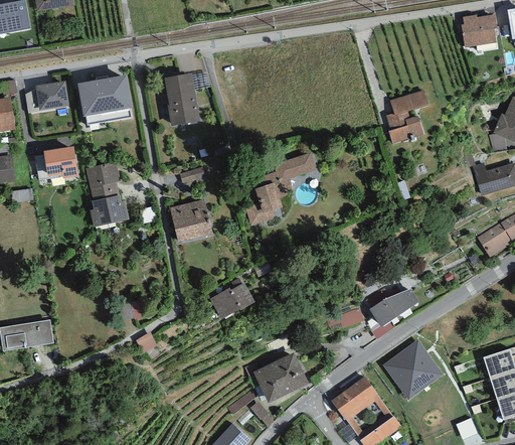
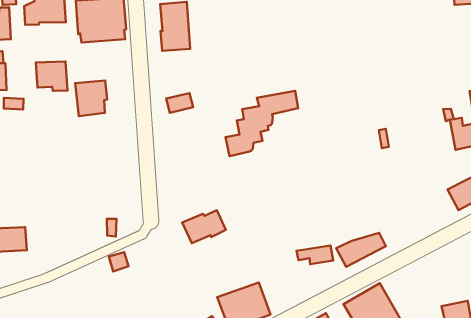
building: [385,90,428,143] -> none
building: [90,194,129,227] -> none
building: [170,199,212,242] -> none

